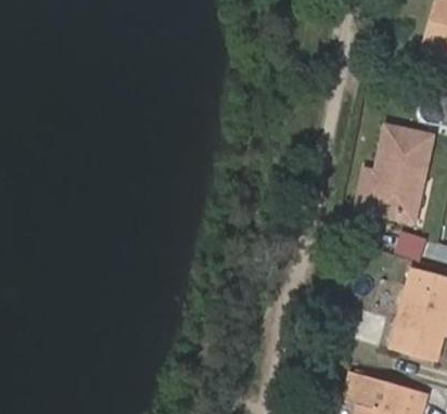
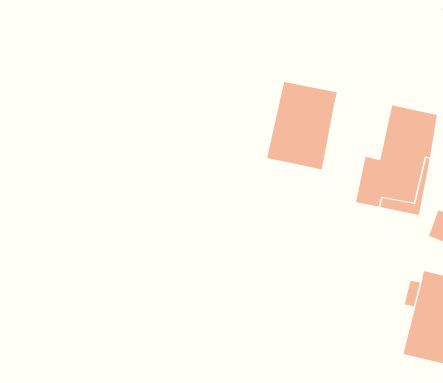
building: none -> [266,81,338,170]

